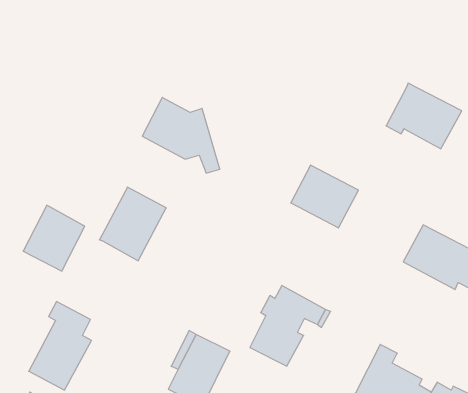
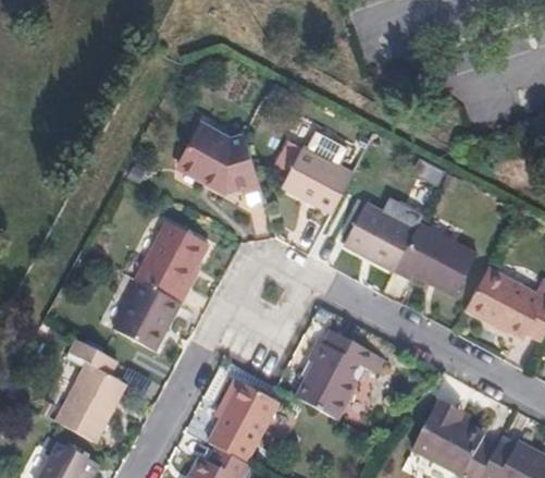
building: [386,83,462,149] -> [394,222,476,294]
building: none -> [280,145,350,211]
building: [23,205,85,271] -> [110,283,177,355]

